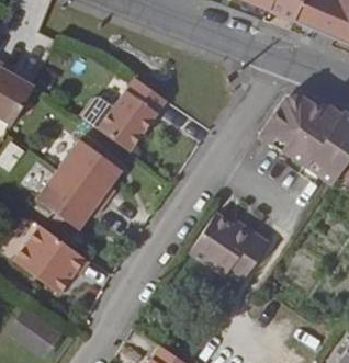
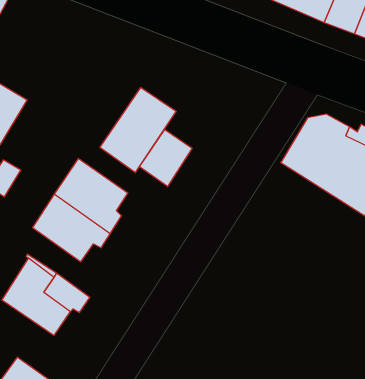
building: none -> [139,129,192,187]
building: [190,212,271,279] -> none

